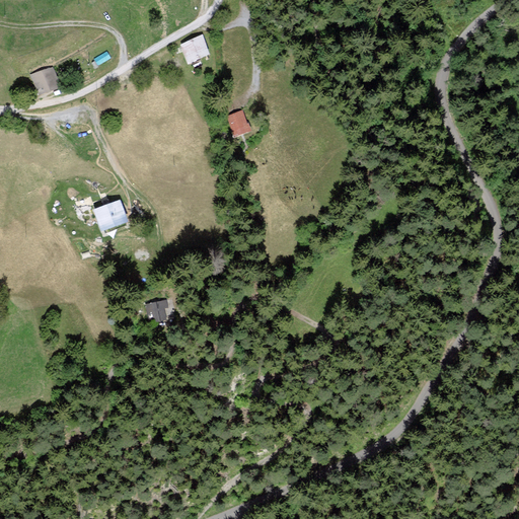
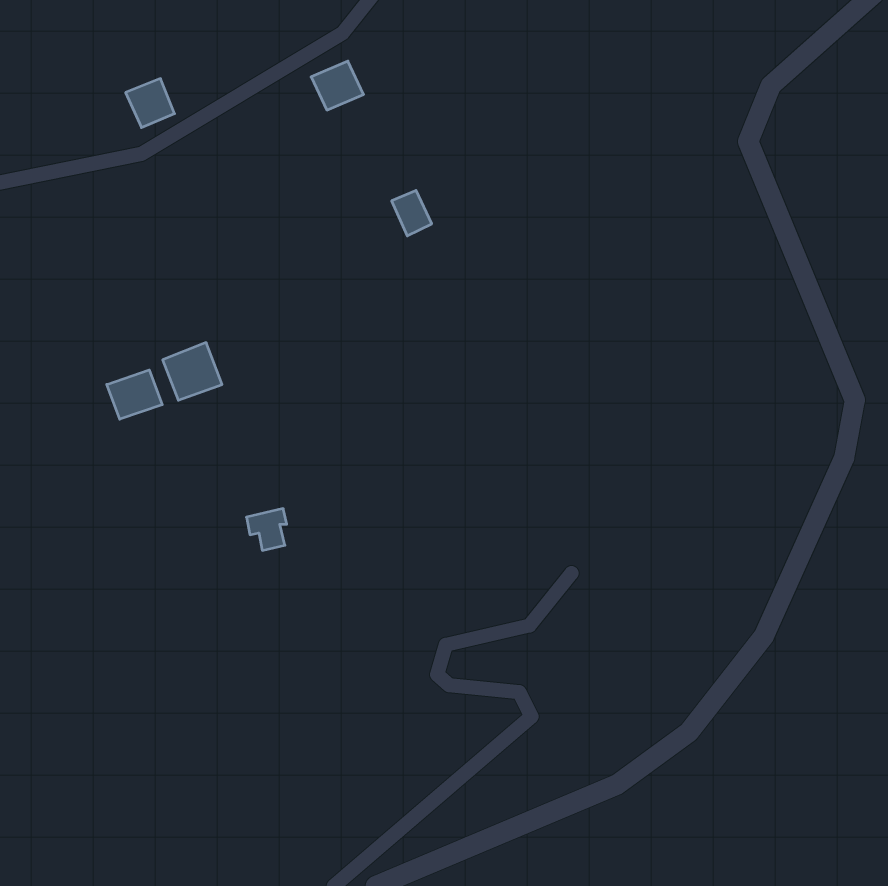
building: [30,66,59,94] -> [126,79,175,128]
building: none -> [107,370,162,419]

